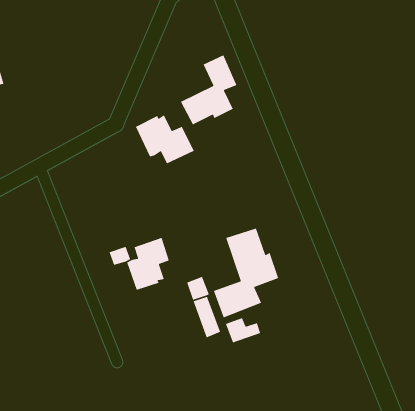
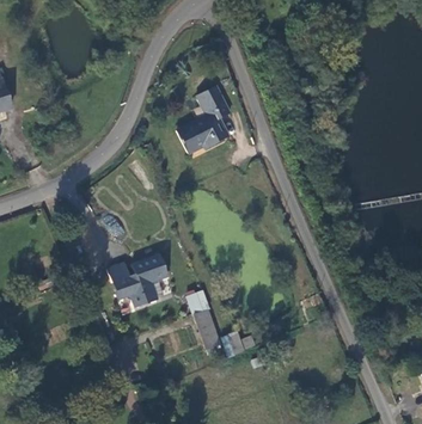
building: [135,114,195,164] -> none
building: [213,227,279,318] -> none

